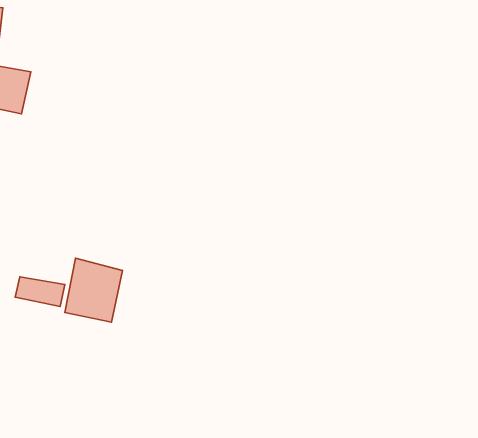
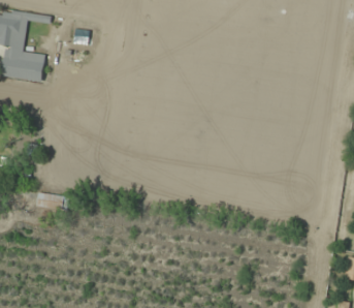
building: [65,258,123,322] -> none

